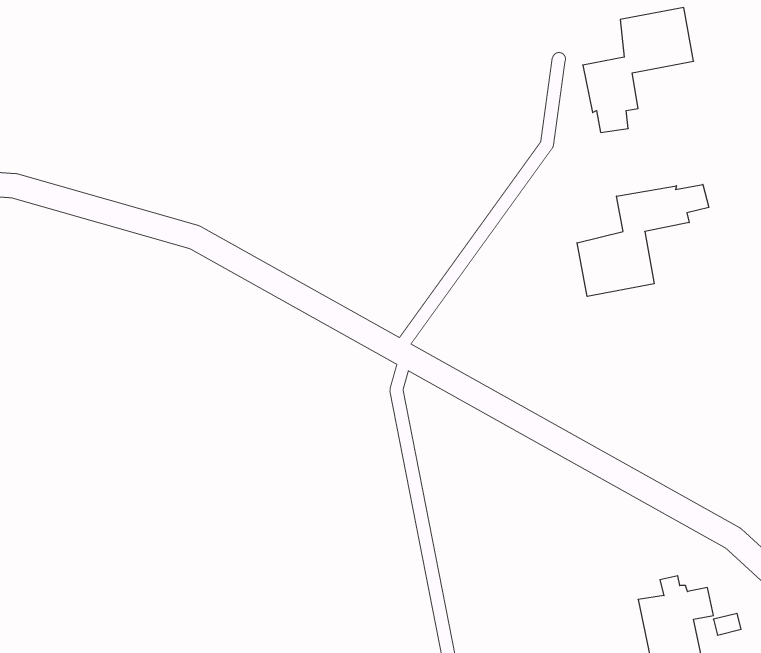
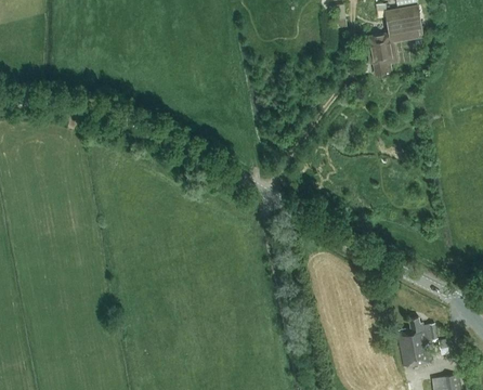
building: [577,184,709,296] -> none

